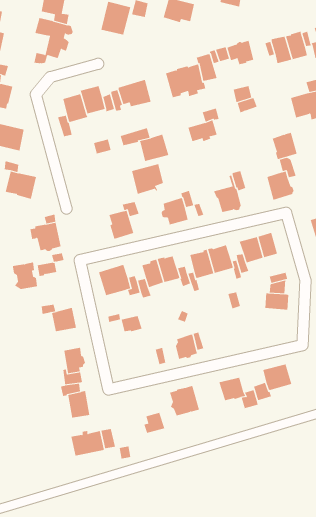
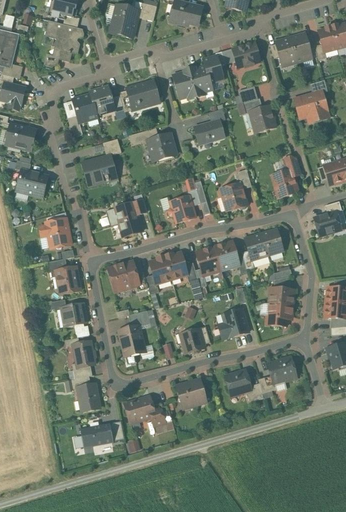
building: [272,132,298,160] -> [250,105,275,132]
building: [131,164,164,194] -> [83,155,115,185]
building: [12,262,38,290] -> [55,266,80,293]
building: none -> [265,303,292,325]
building: none -> [218,309,248,338]
building: none -> [118,325,144,356]
building: none -> [124,396,155,422]

